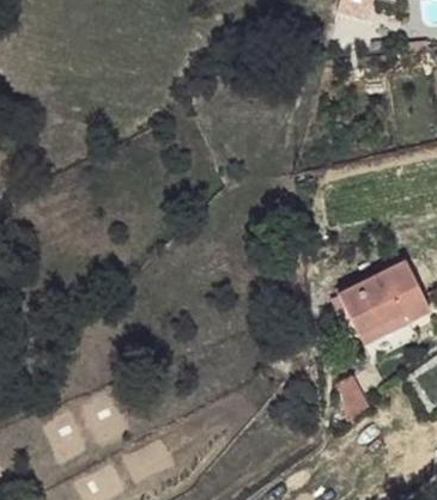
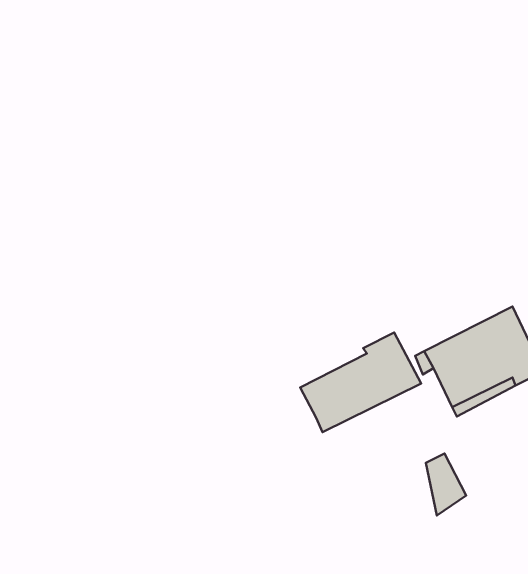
building: none -> [300,333,421,432]

